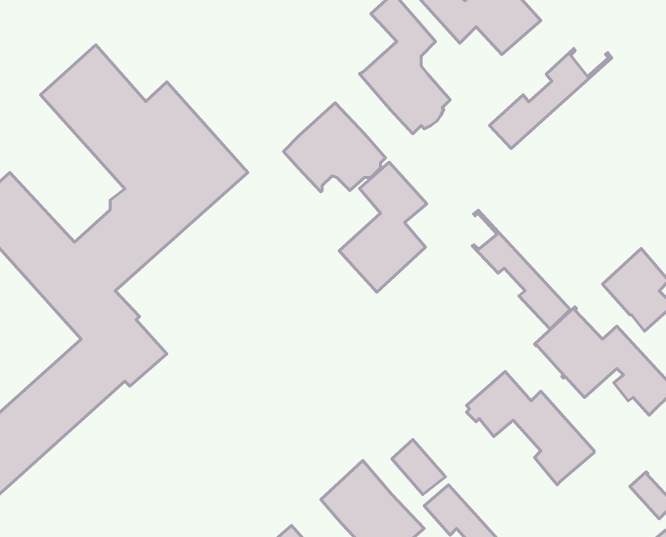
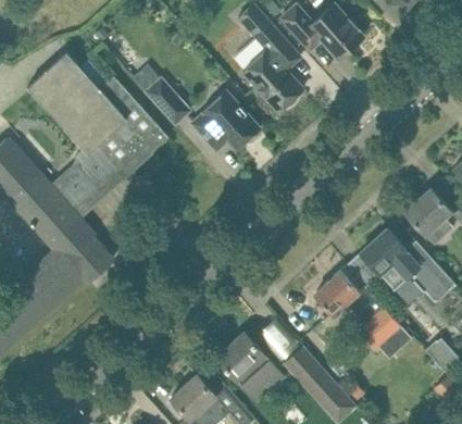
building: [490,49,612,148] -> none
building: none -> [137,70,190,124]
building: [339,162,427,292] -> none
building: [472,210,570,329] -> none

